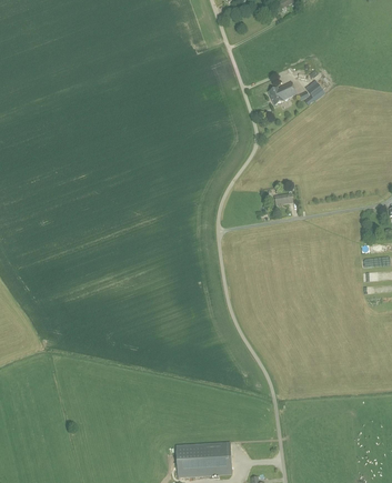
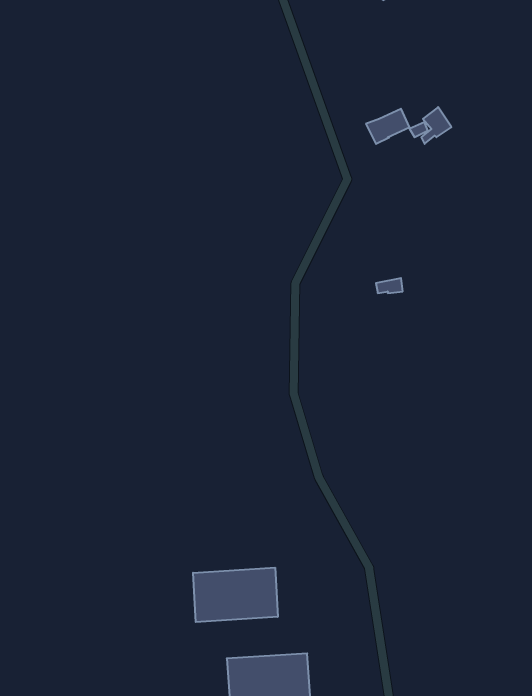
building: none -> [193,568,278,622]

